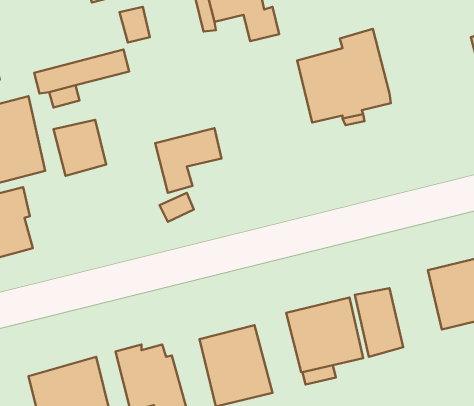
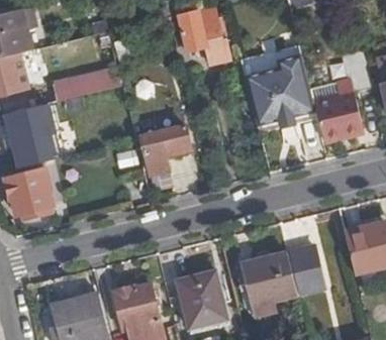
building: none -> [314,52,372,138]
building: [54,120,106,176] -> none

